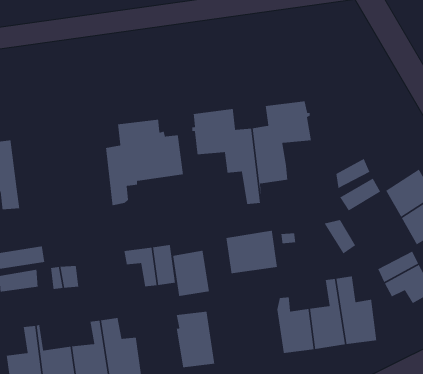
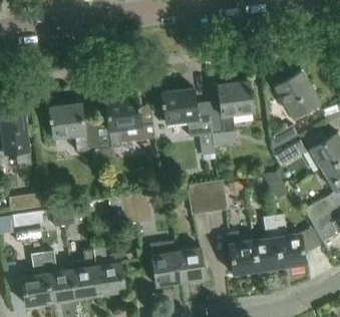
building: none -> [277,72,319,125]
building: none -> [48,102,100,163]
building: [171,243,210,297] -> [174,243,204,284]

